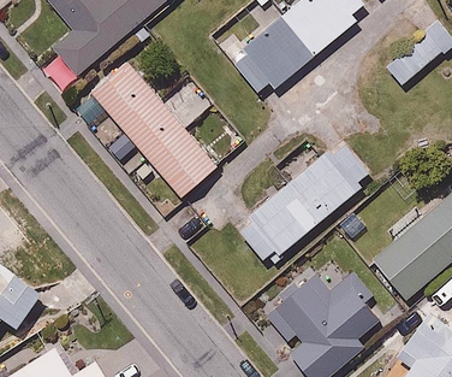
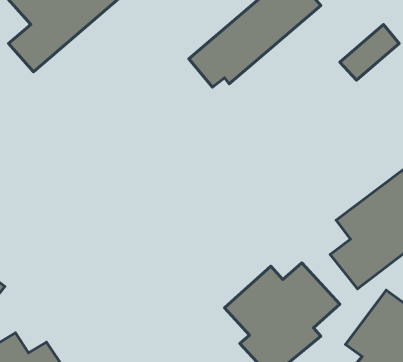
building: [88,58,218,200] -> none
building: [231,139,367,272] -> none

